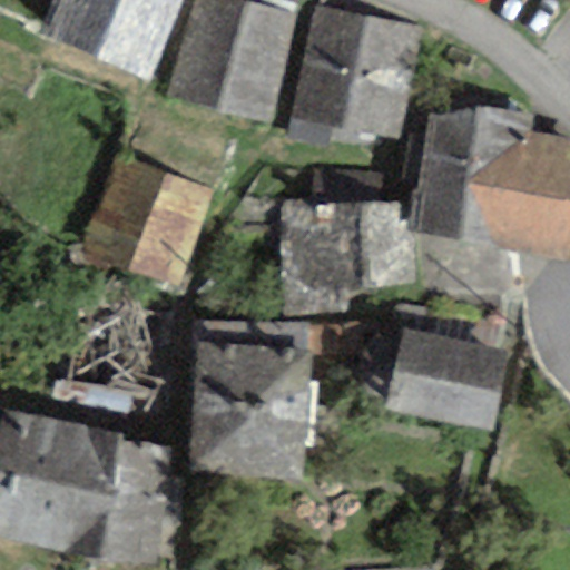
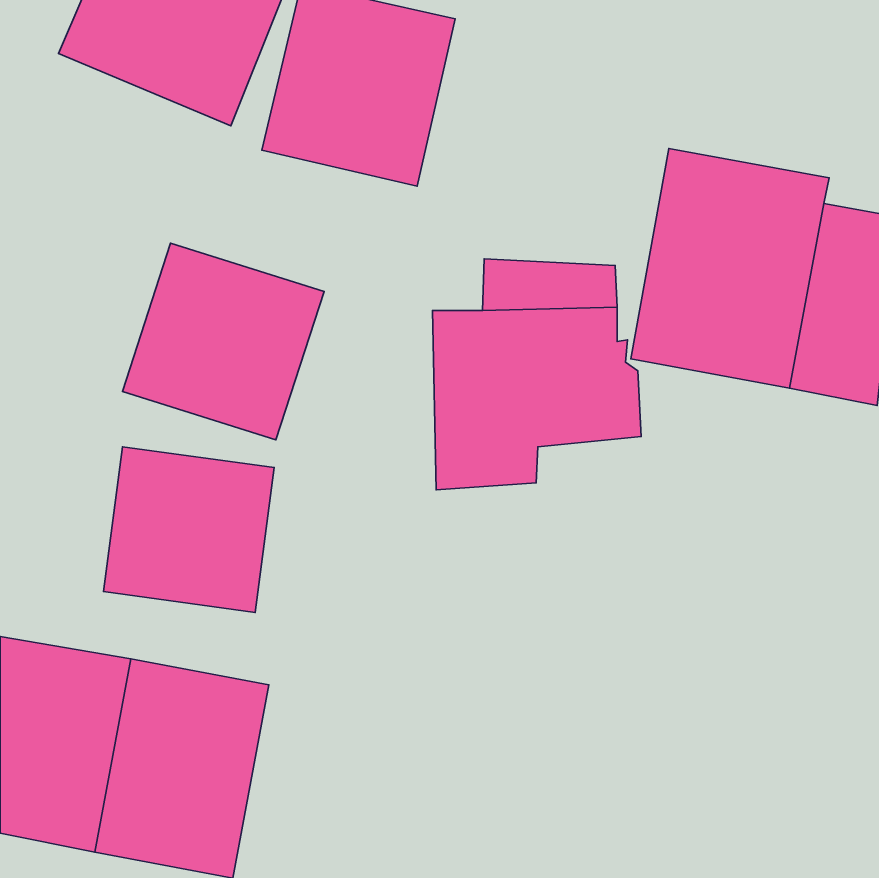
building: [287,8,422,147] -> none
building: [357,327,510,430] -> none
building: [189,342,312,480] -> none

